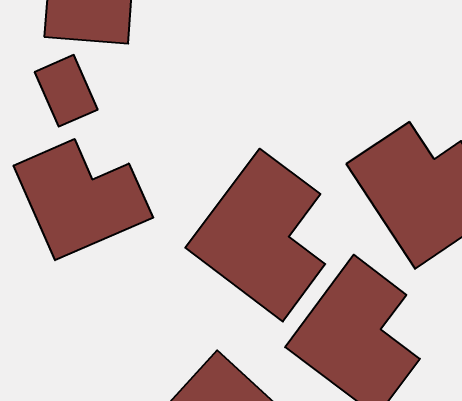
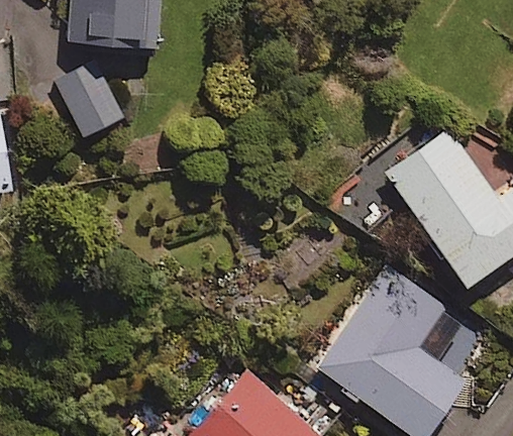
building: [14,139,153,260] -> none
building: [185,149,325,322] -> none

